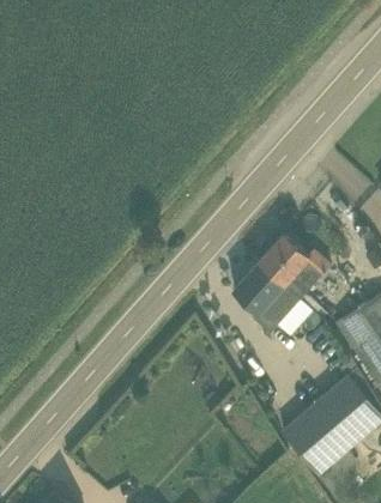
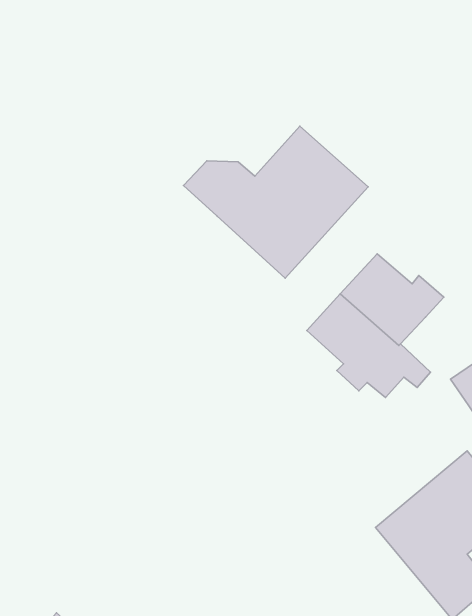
building: none -> [184,126,368,278]

